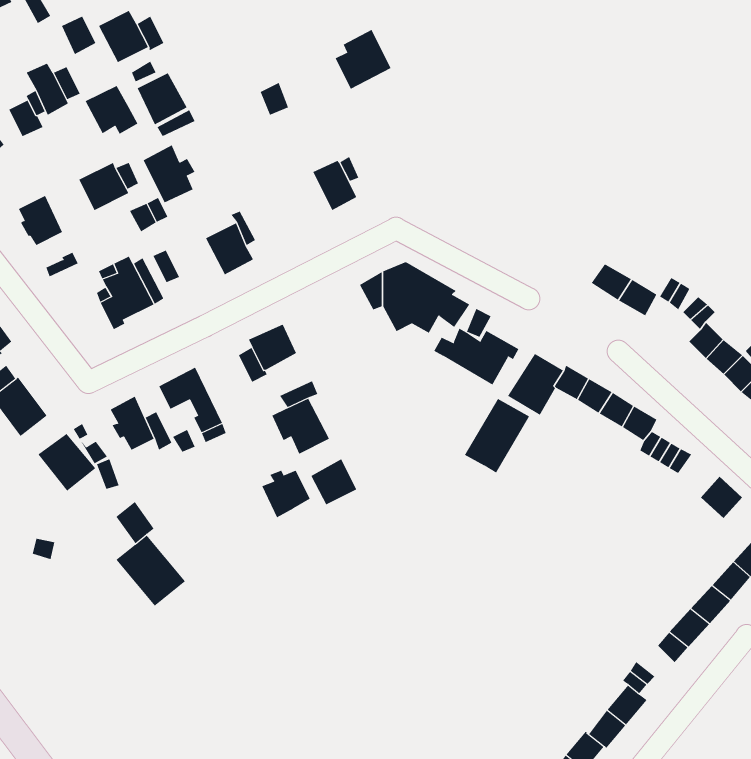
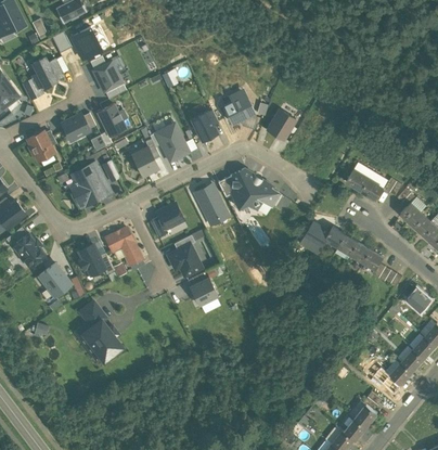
building: [335,29,391,89] -> [222,91,254,125]
building: [85,85,138,135] -> none
building: none -> [267,111,295,140]
building: none -> [155,124,189,163]
building: none -> [195,185,227,223]
building: [434,328,519,386] -> none
building: [464,398,530,473] -> none
building: [262,470,310,518] -> none

